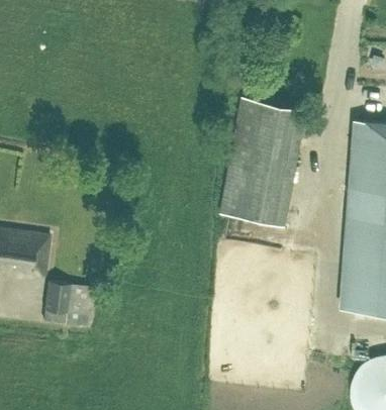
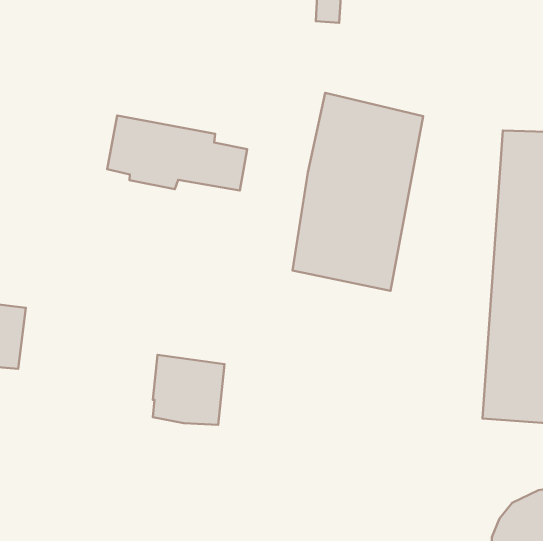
building: none -> [107,116,247,190]
building: [43,281,90,326] -> [153,355,224,425]

